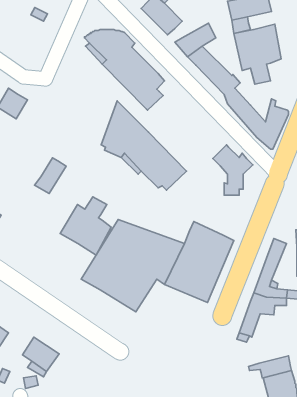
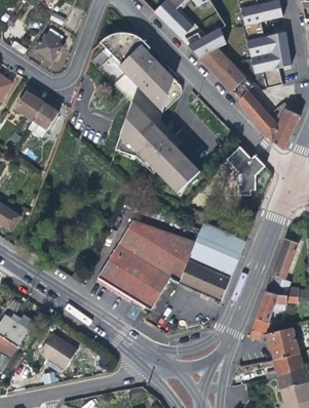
building: none -> [35,28,64,60]
building: [35,158,66,194] -> [28,101,59,136]
building: [60,197,111,255] -> none
building: none -> [265,326,300,359]

